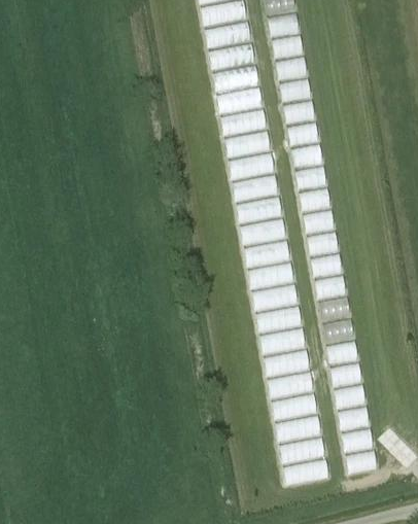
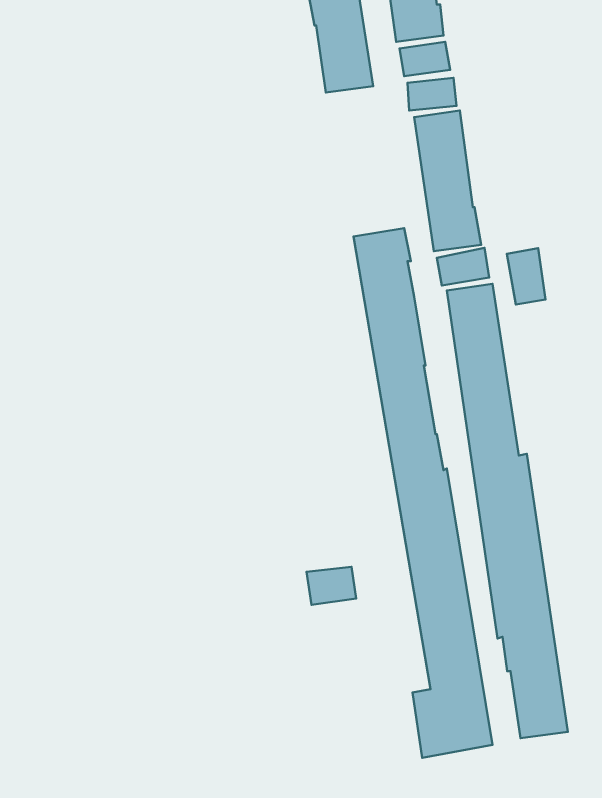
building: [223,63,268,152] -> none
building: none -> [507,248,545,304]
building: none -> [307,567,356,605]

